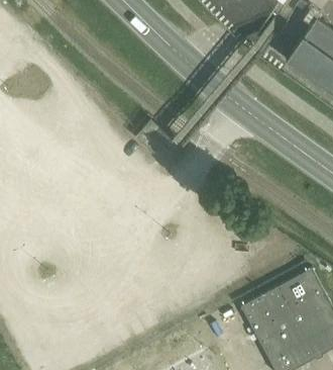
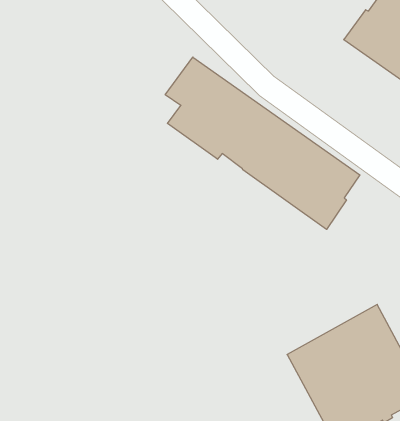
building: none -> [165,57,360,229]

